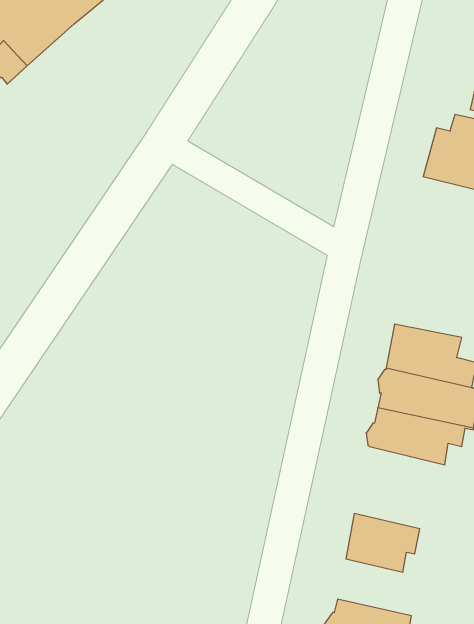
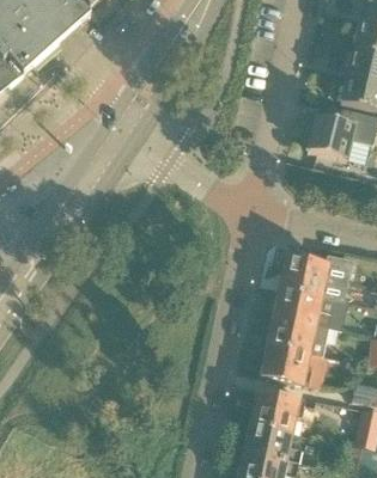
building: none -> [261,343,327,387]
building: none -> [244,423,302,464]

